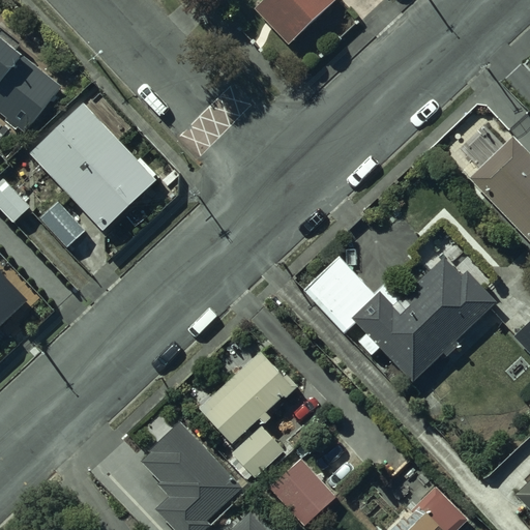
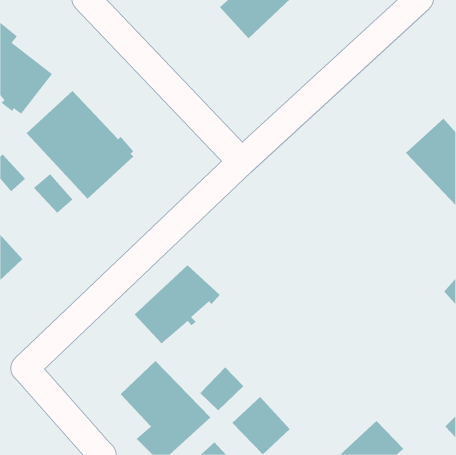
building: [302,257,497,382] -> none
building: [198,351,298,443] -> [134,265,221,344]

